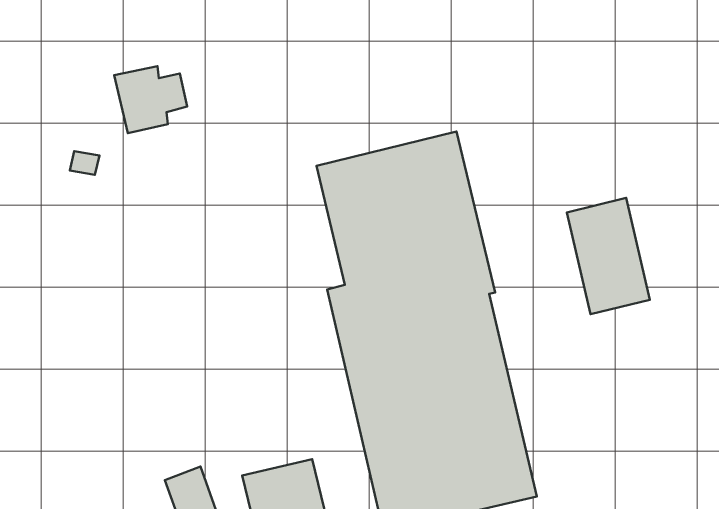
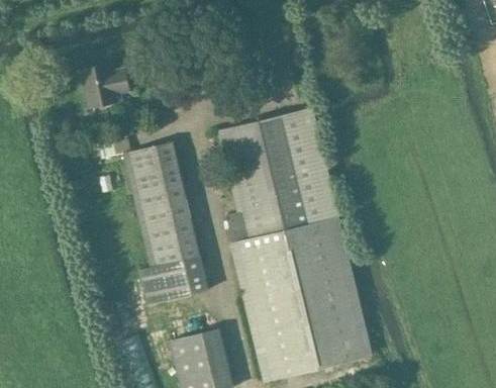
building: none -> [123,141,210,306]
building: [567,198,650,314] -> none

